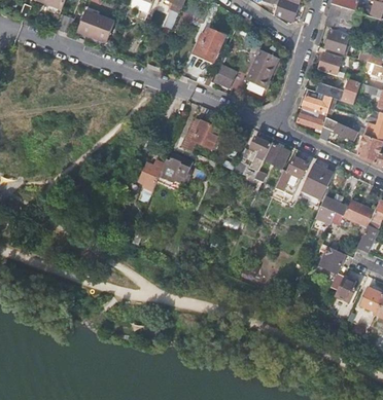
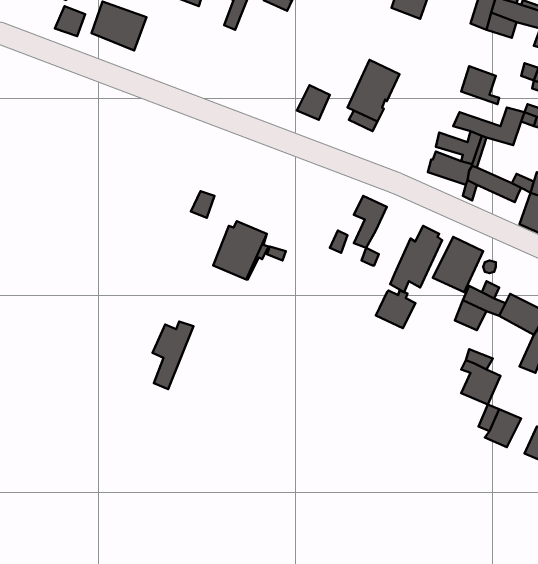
building: [197,28,224,59] -> none
building: [324,29,349,53] -> none
building: [193,118,221,147] -> none
building: [264,142,289,167] -> [376,290,415,328]
building: [138,157,165,202] -> [152,321,193,389]

